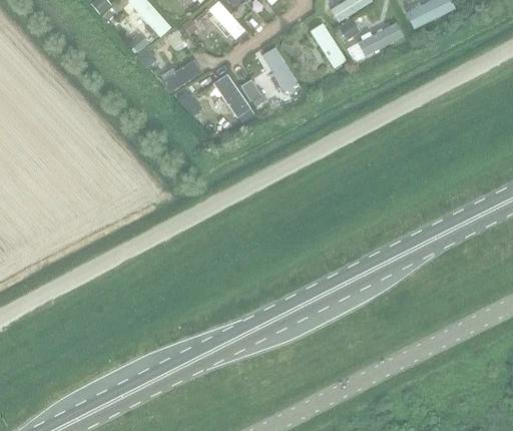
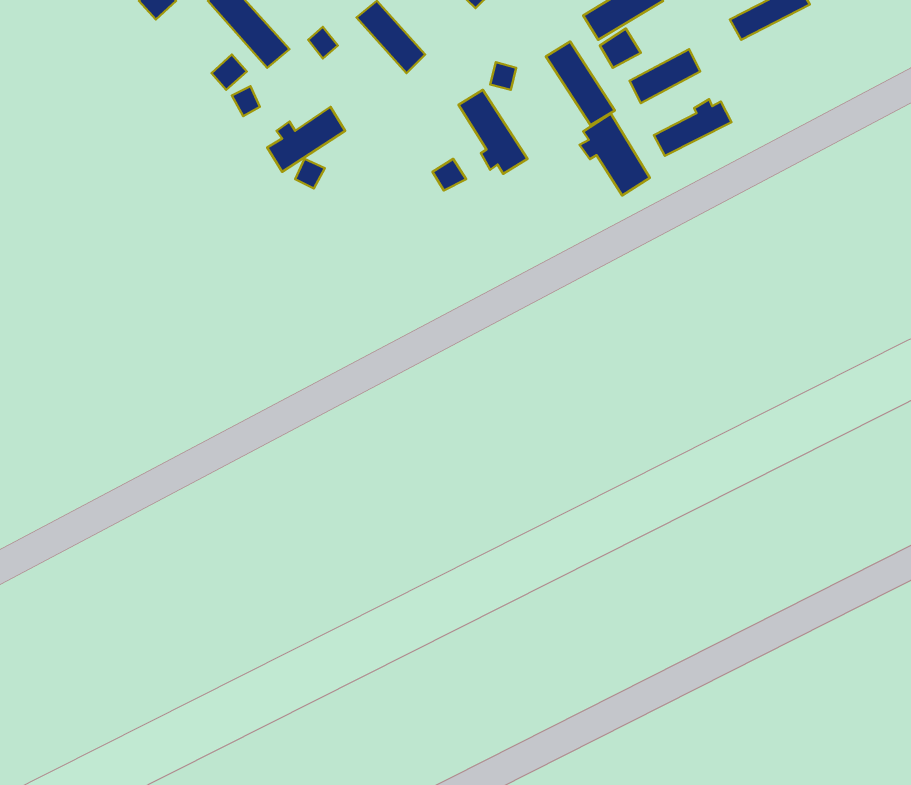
building: none -> [654,99,732,156]
building: none -> [579,114,650,196]
building: [213,74,250,118] -> none

